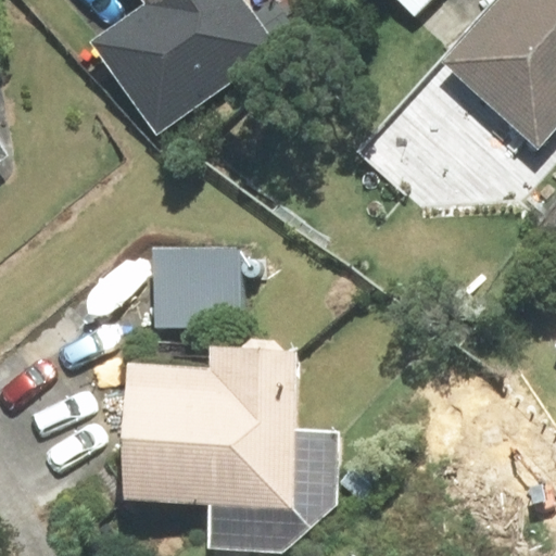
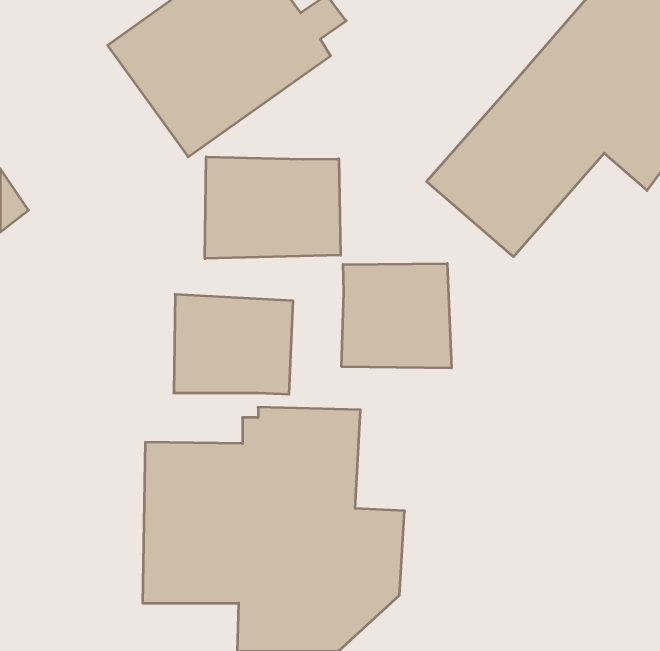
building: none -> [205,157,341,259]
building: none -> [342,263,451,368]

